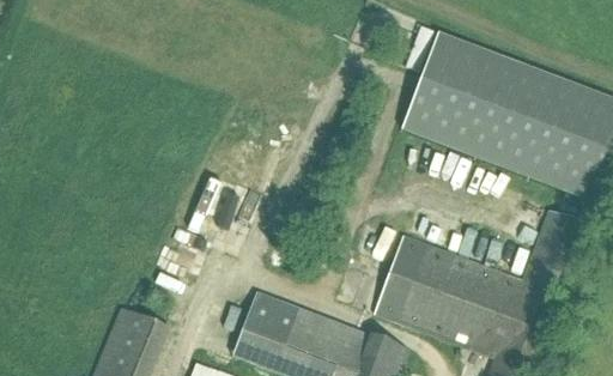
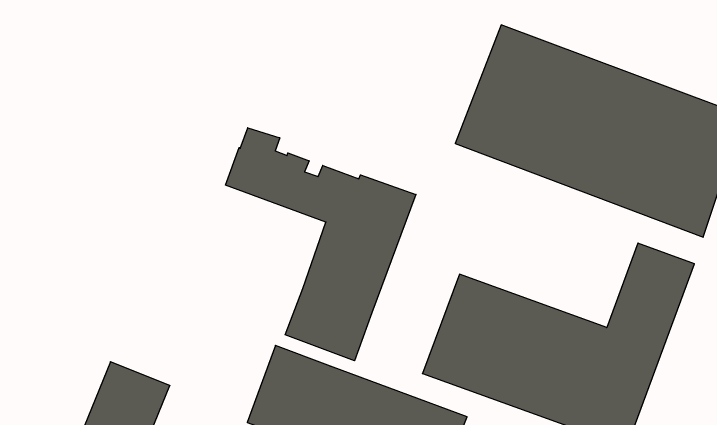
building: none -> [226,128,416,361]

